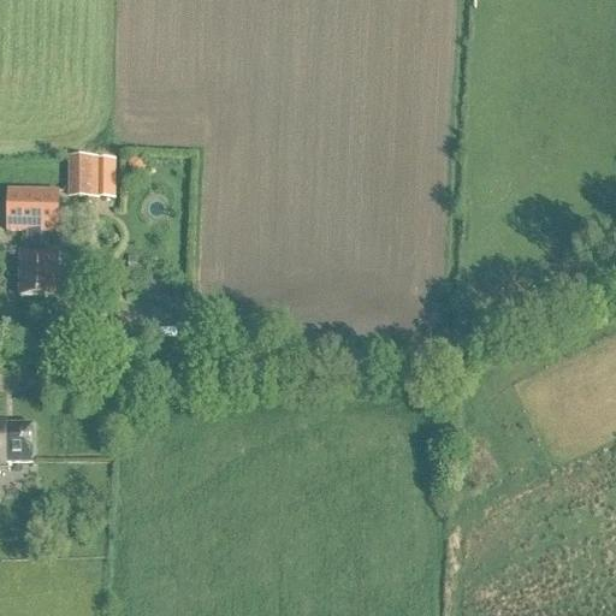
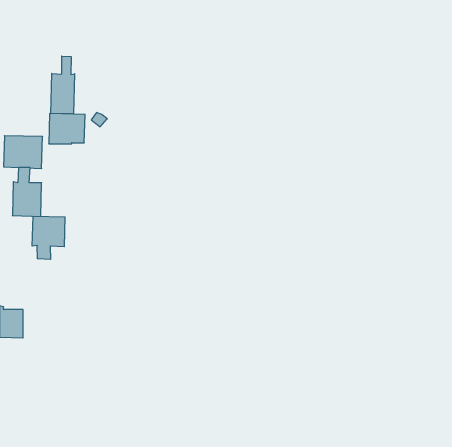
building: none -> [51,56,75,114]
building: none -> [32,216,65,259]

